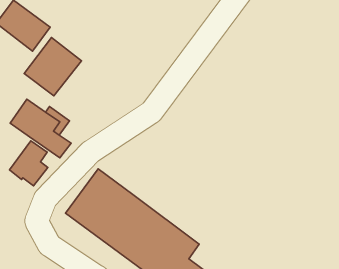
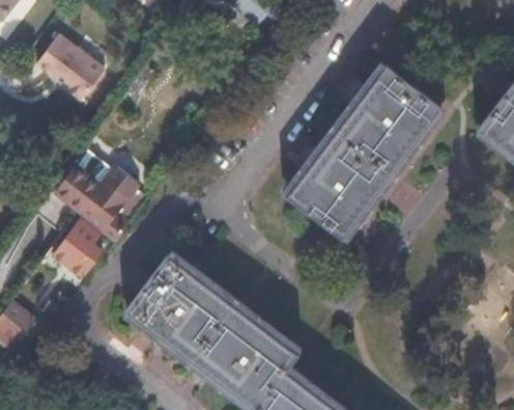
building: none -> [290,67,447,235]
building: [24,37,81,96] -> none

